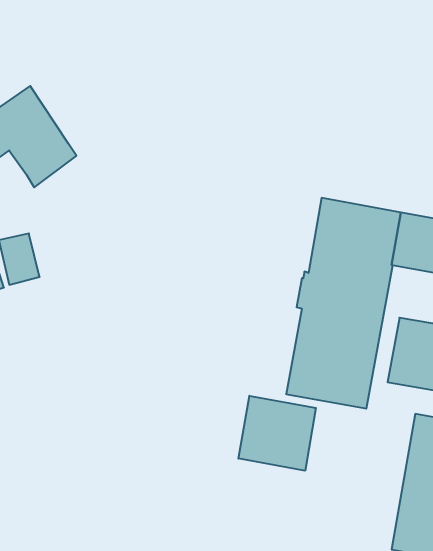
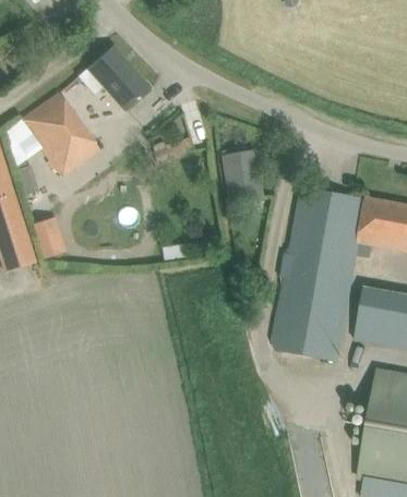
building: none -> [76,46,149,111]
building: none -> [222,151,260,204]
building: [238,396,316,471] -> none

